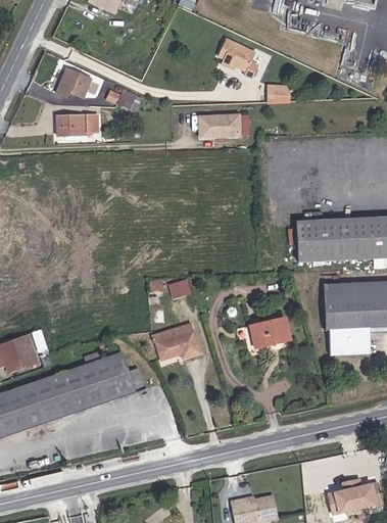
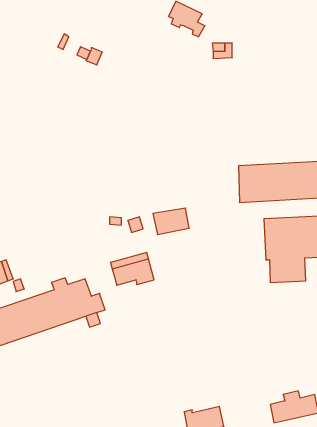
building: [58,67,87,94] -> none
building: [58,114,99,134] -> none
building: [199,117,238,139] -> none
building: [250,319,291,348] -> [153,208,189,234]

